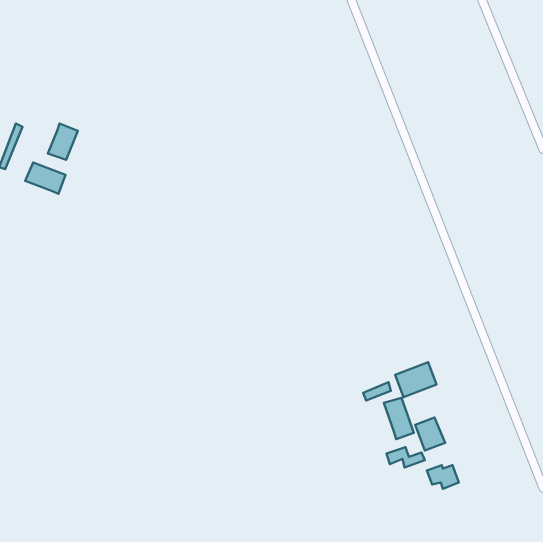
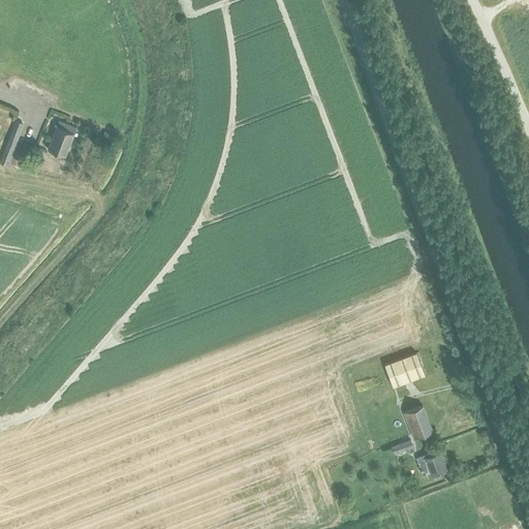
building: [25,162,66,194] -> none
building: [384,398,414,439] -> none

